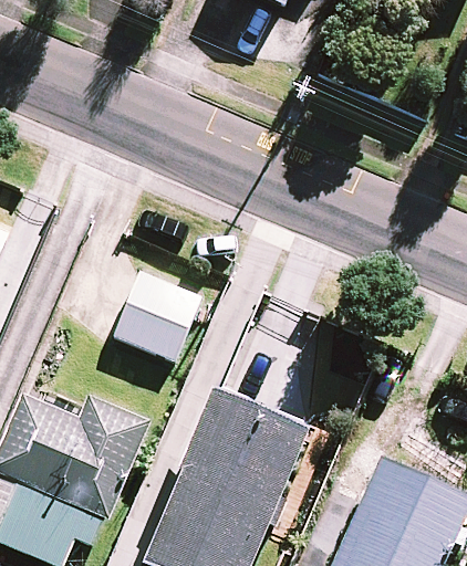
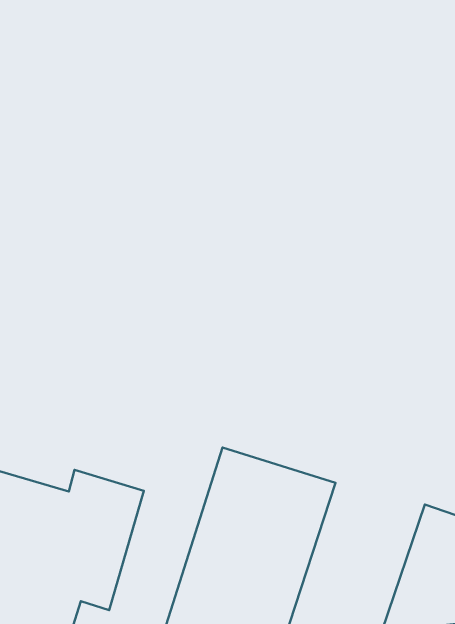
building: [114,275,198,360] -> none

